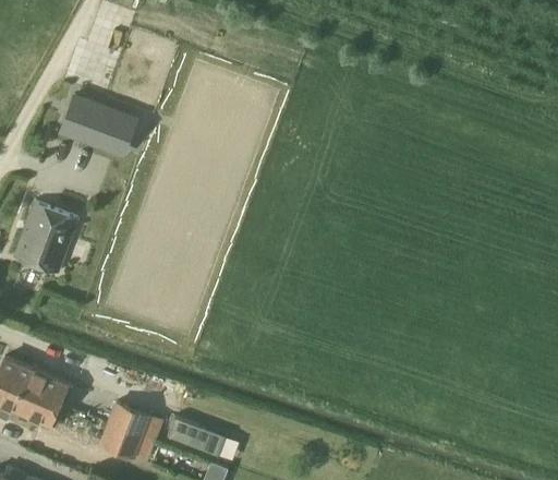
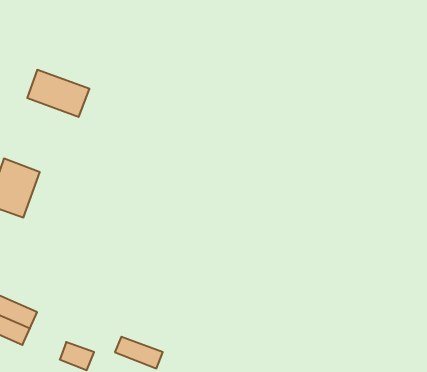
building: [109,404,150,436] -> none

